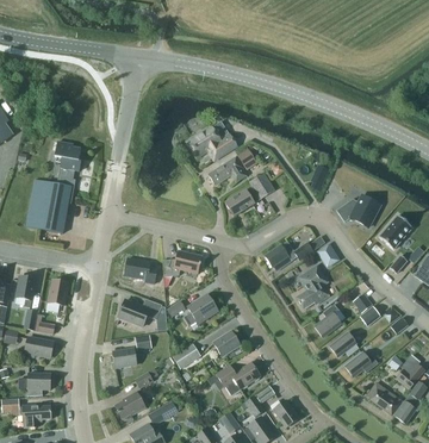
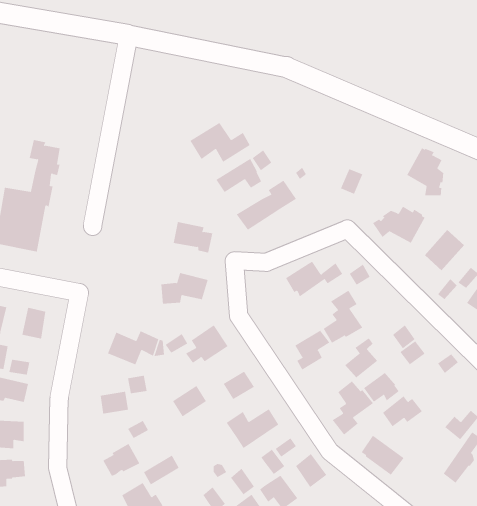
building: none -> [406,147,444,196]
building: [124,257,157,283] -> [173,221,213,253]
building: none -> [295,330,330,371]
building: none -> [332,380,374,435]
building: [366,381,402,414] -> [361,435,404,475]

